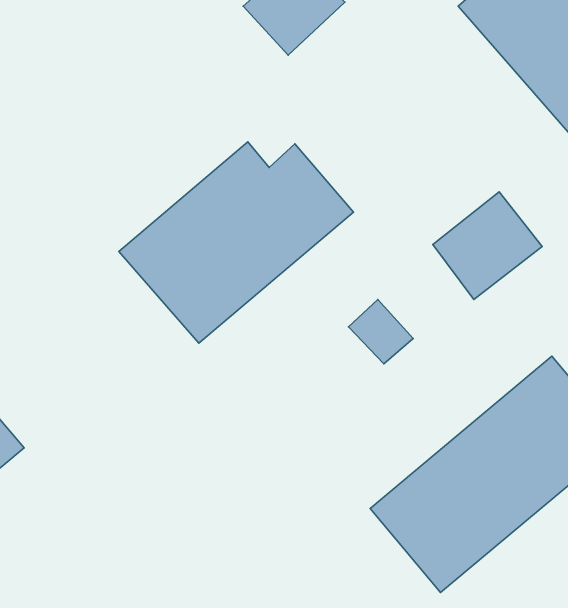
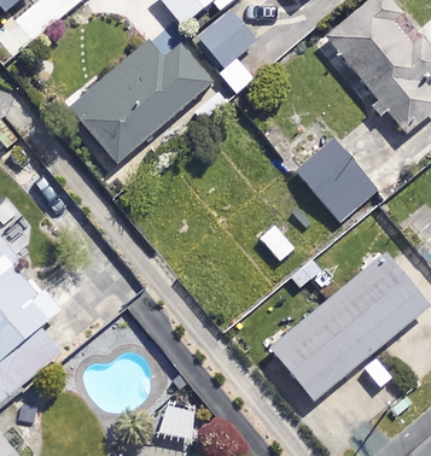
building: [119,142,353,343] -> [66,41,211,165]

